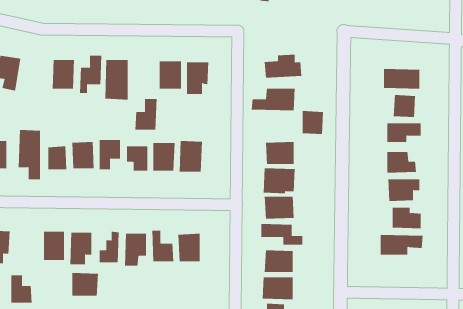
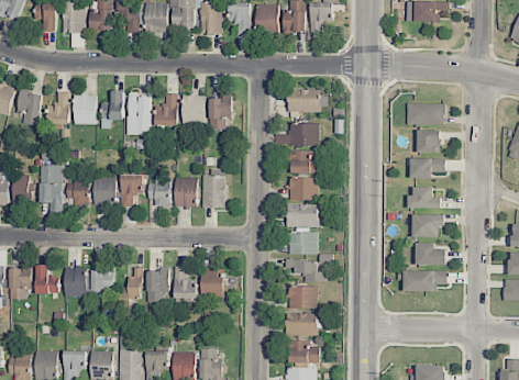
building: none -> [48,91,69,119]
building: [134,98,157,130] -> [155,93,178,125]
building: [302,111,324,135] -> [289,149,311,174]
building: [72,272,98,297] -> none
building: [11,275,33,303] -> [36,265,58,293]

